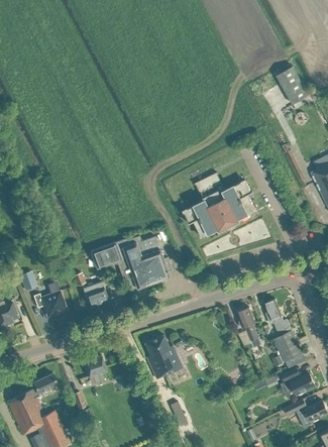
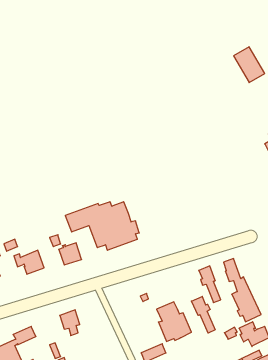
building: [184,173,255,237] -> none
building: [144,335,183,378] -> [157,302,191,341]
building: none -> [191,296,215,333]

